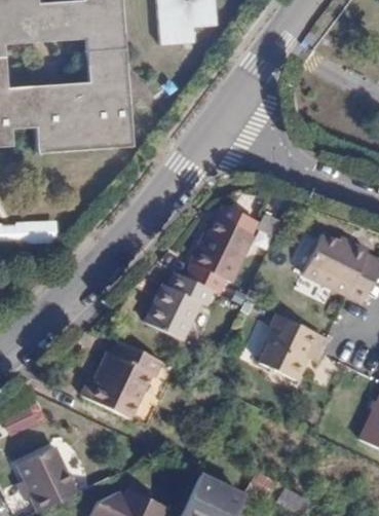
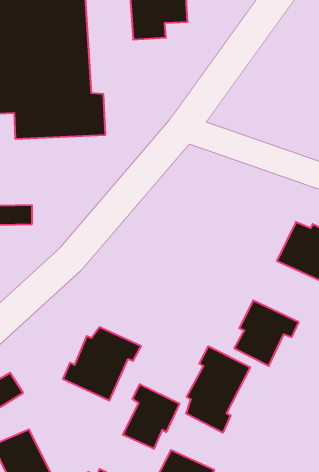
building: [194,213,260,285] -> none
building: [146,274,215,342] -> none
building: none -> [186,346,250,433]
building: none -> [123,384,179,449]

